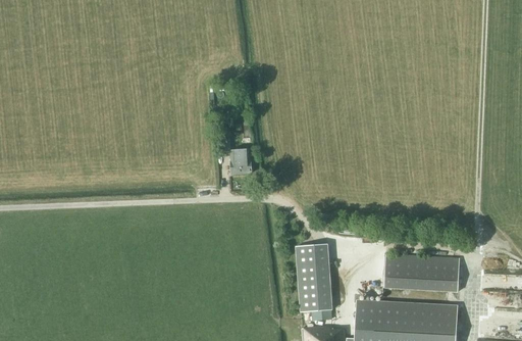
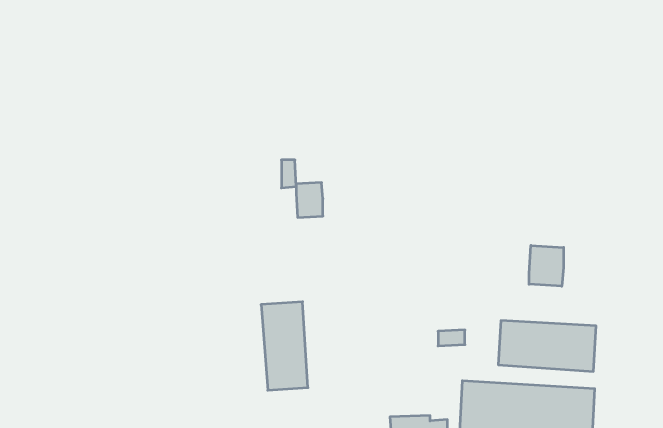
building: none -> [529,245,564,286]
building: [296,244,331,311] -> [261,302,308,390]

